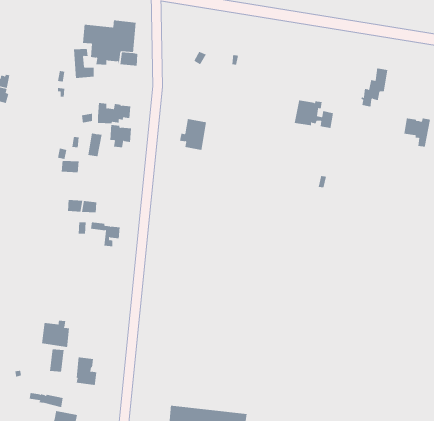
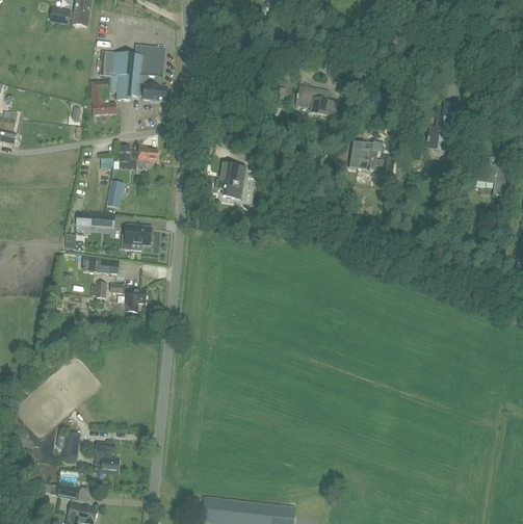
building: none -> [295,87,336,116]
building: [110,125,132,148] -> [126,228,152,255]
building: [42,320,70,348] -> none

